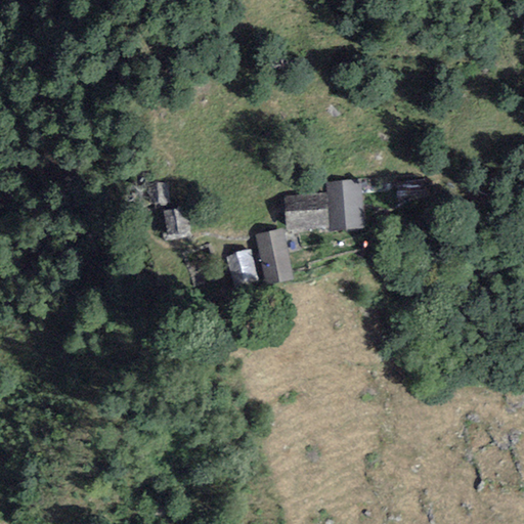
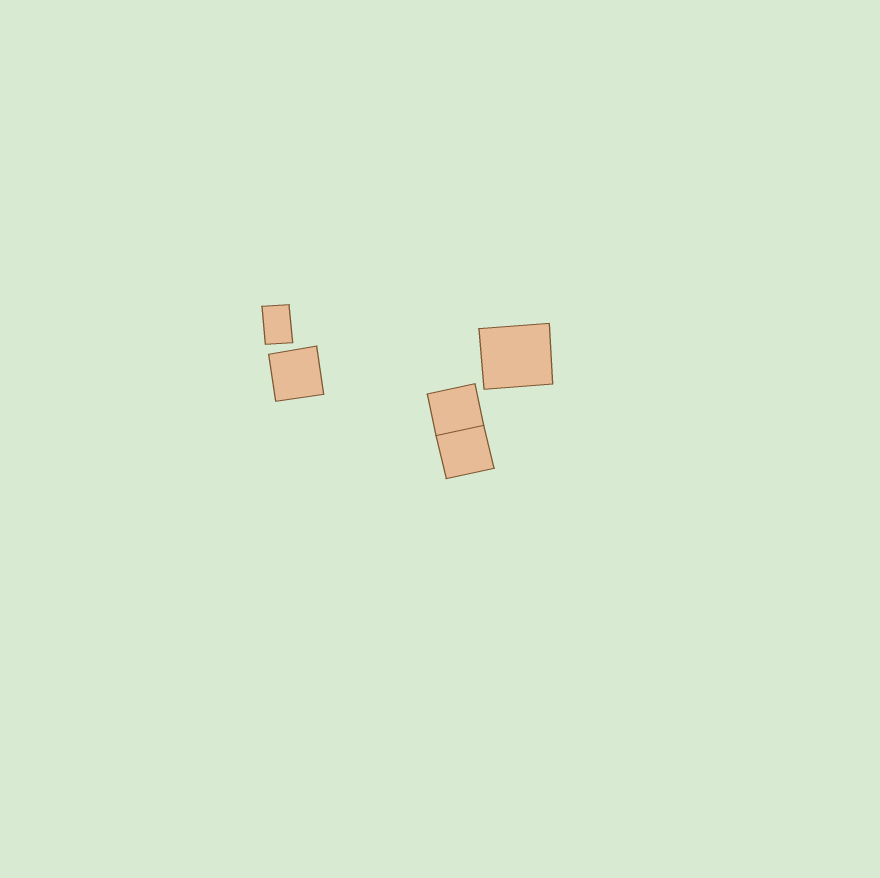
building: [326,179,363,228] -> none
building: [227,249,259,286] -> none

